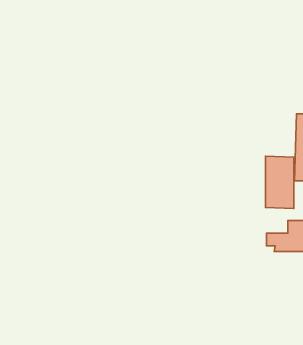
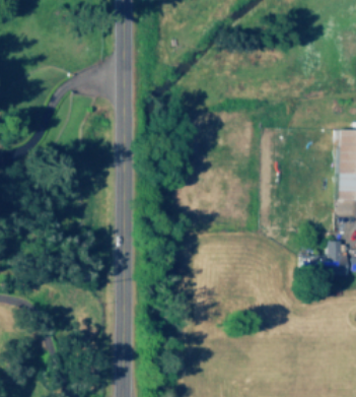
building: [265,156,294,208] -> none

